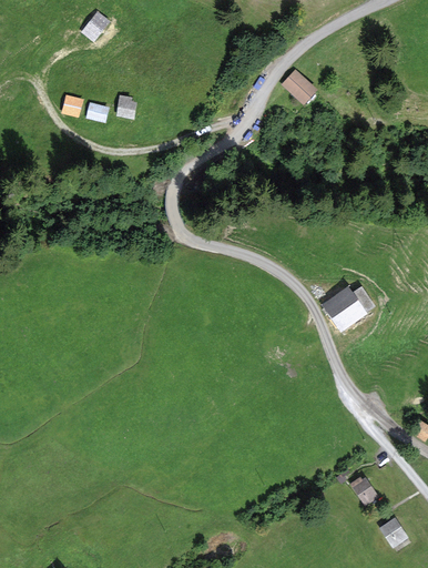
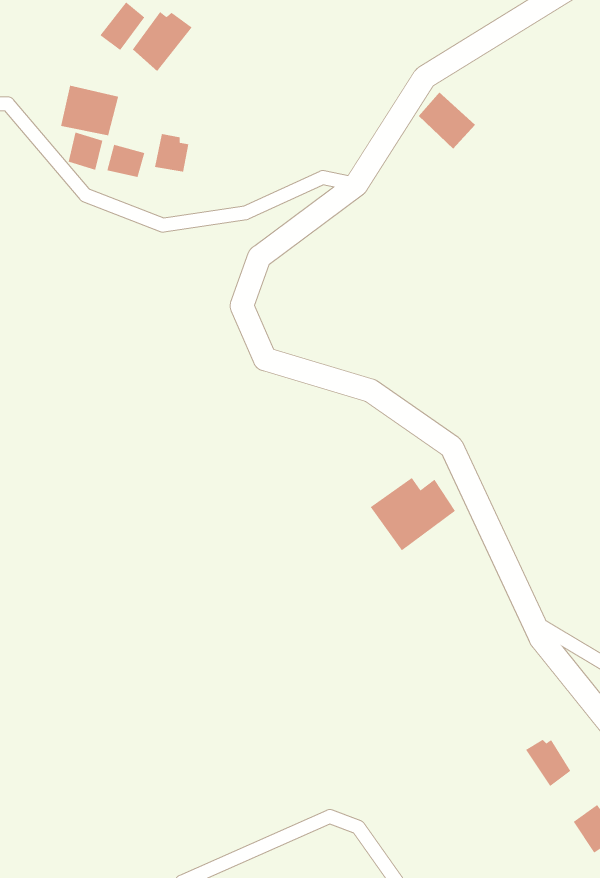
building: none -> [132,11,193,72]
building: none -> [61,85,119,136]
building: [322,285,376,332] -> [370,477,456,551]

